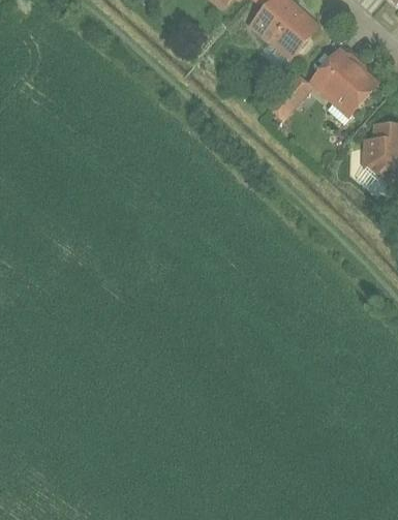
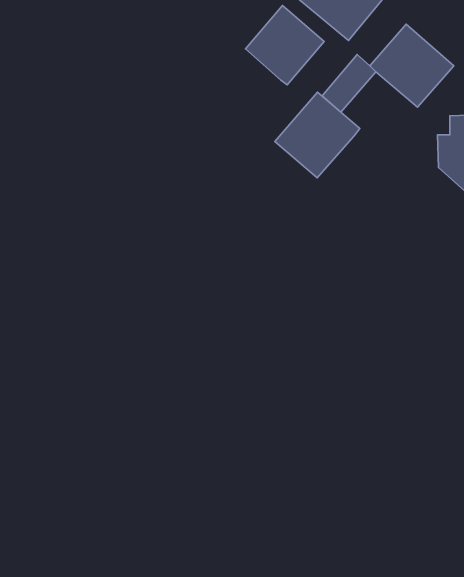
building: none -> [246,5,324,85]
building: none -> [275,92,360,178]

